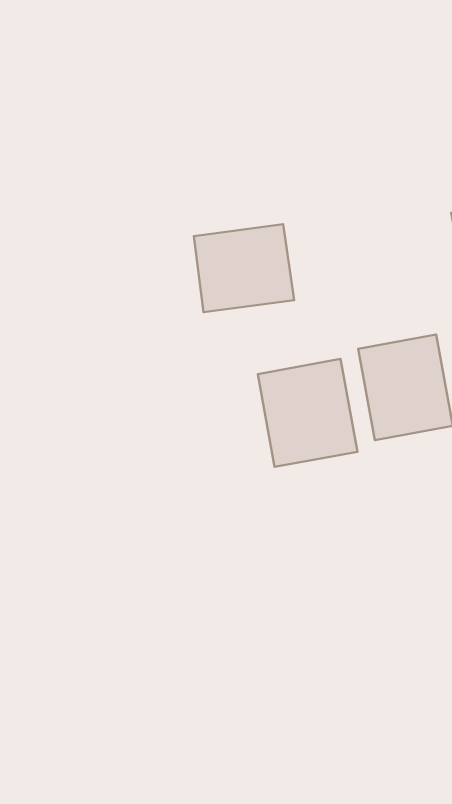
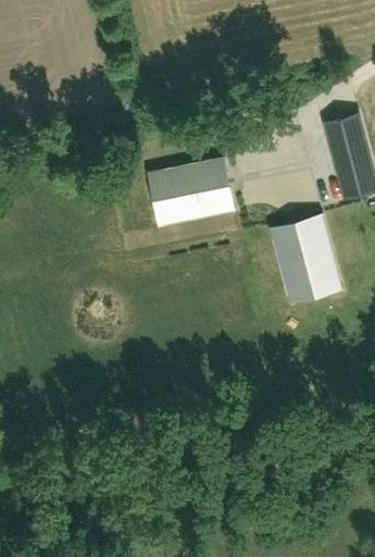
building: [258,359,357,467] -> none

